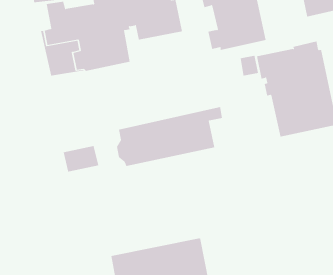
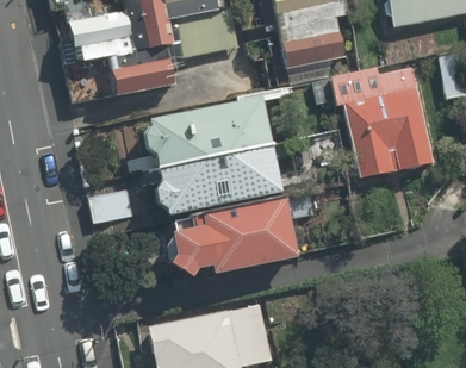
building: none -> [145,98,287,168]
building: none -> [170,198,296,276]

